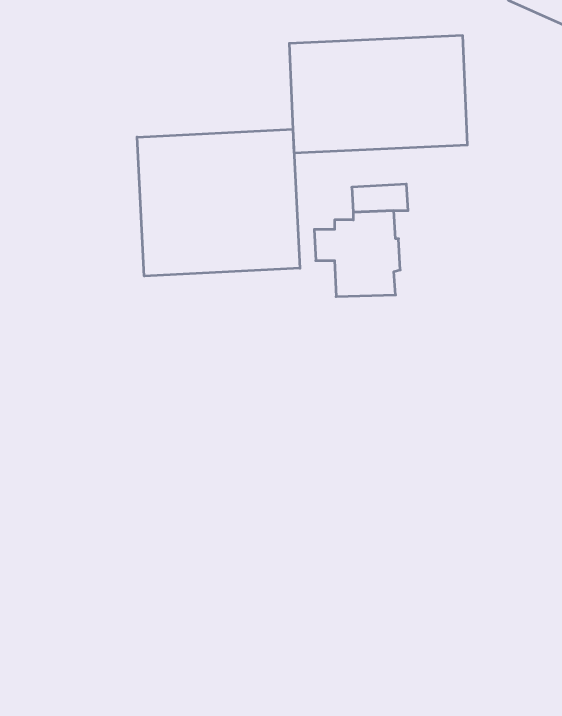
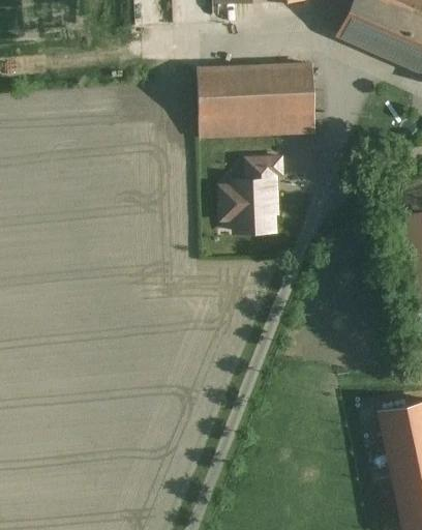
building: [137,129,300,276] -> none

